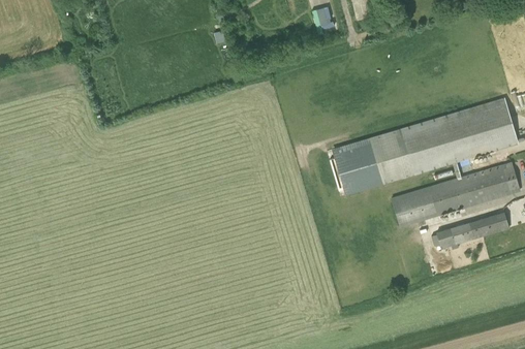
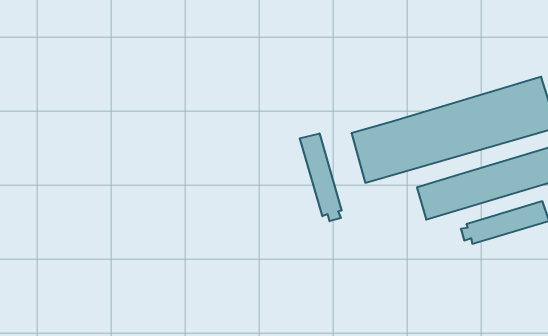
building: none -> [300,133,342,221]

